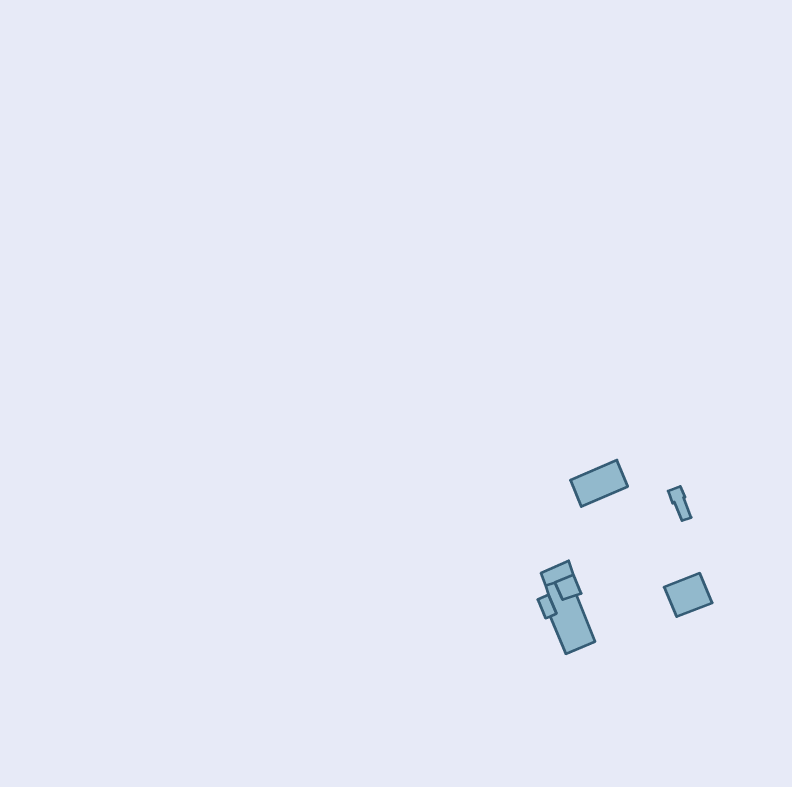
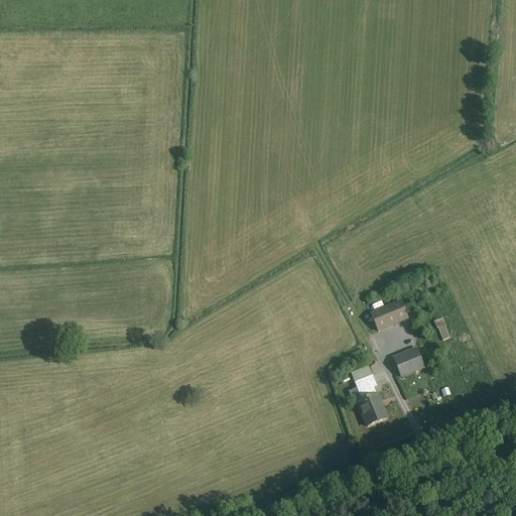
building: [664,573,712,617] -> [393,347,424,375]

